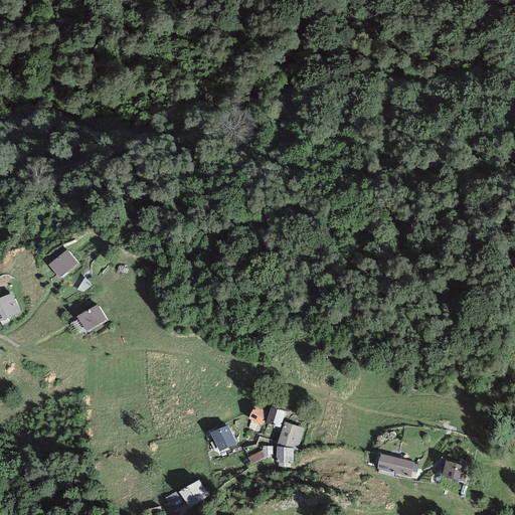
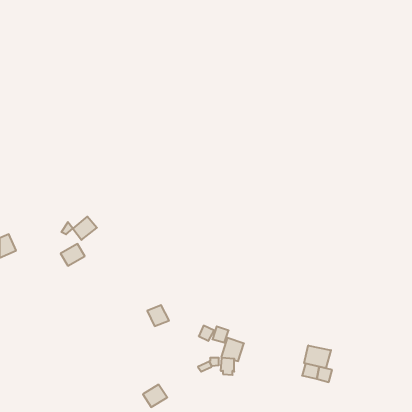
building: [47,248,77,278] -> [73,217,97,240]
building: [209,424,236,451] -> [147,305,169,326]
building: none -> [304,345,331,368]
building: [441,460,467,481] -> none

